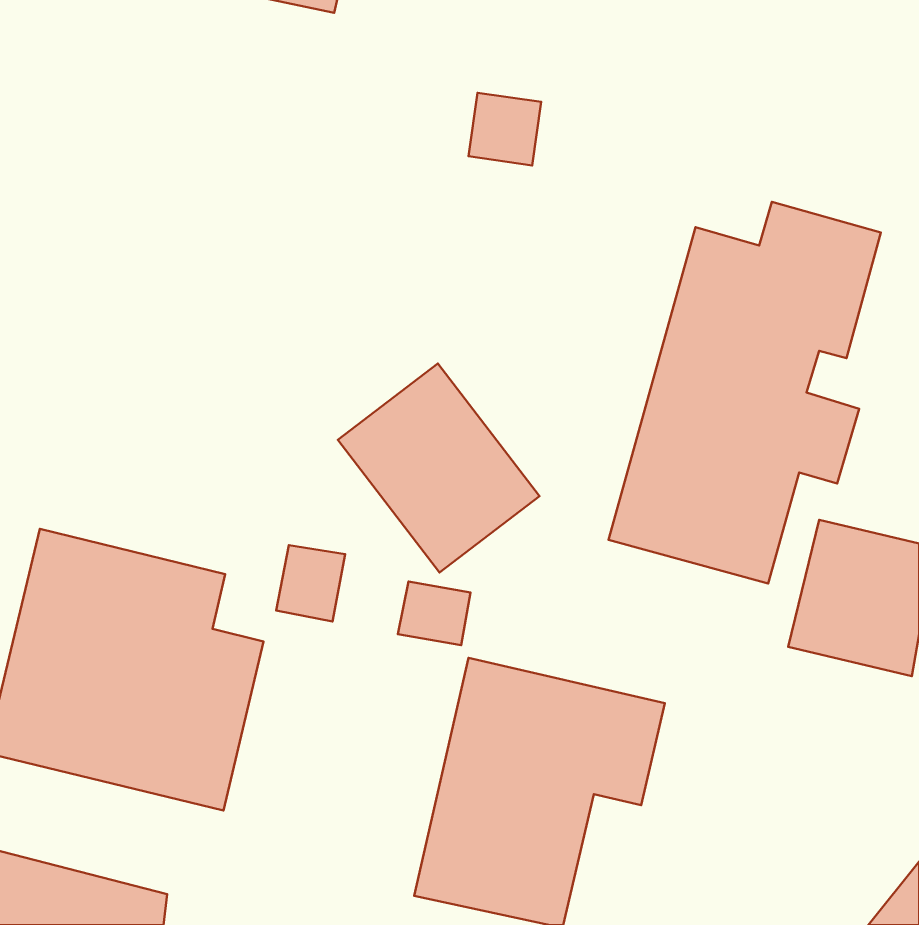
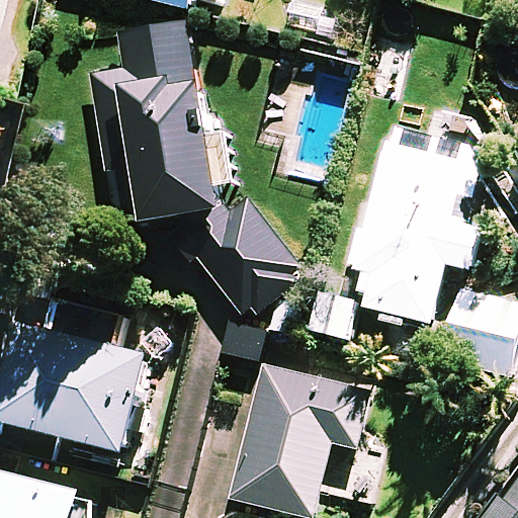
building: none -> [90,25,232,227]

